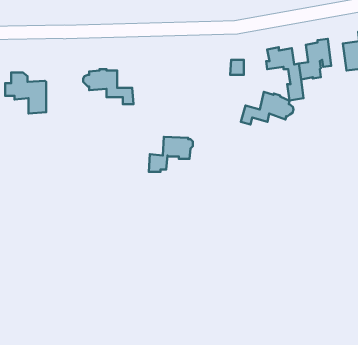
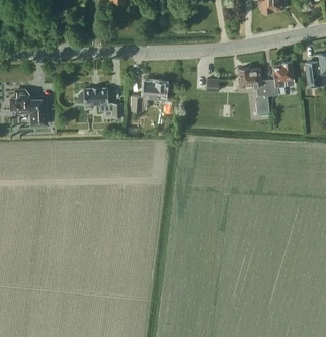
building: [241,92,293,125] -> none
building: [149,137,193,172] -> [131,81,169,111]

